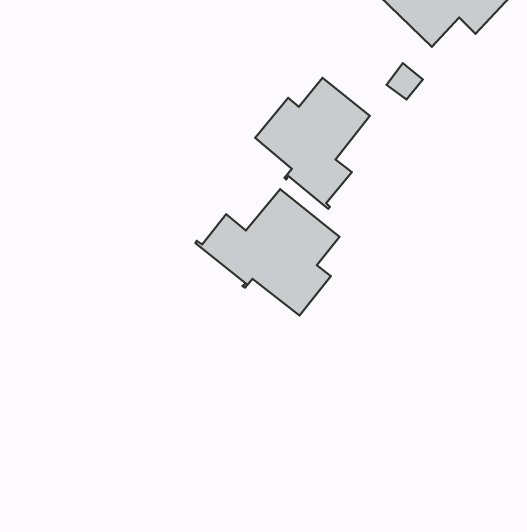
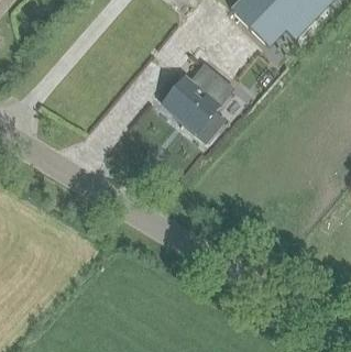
building: [195,189,339,315] -> none

